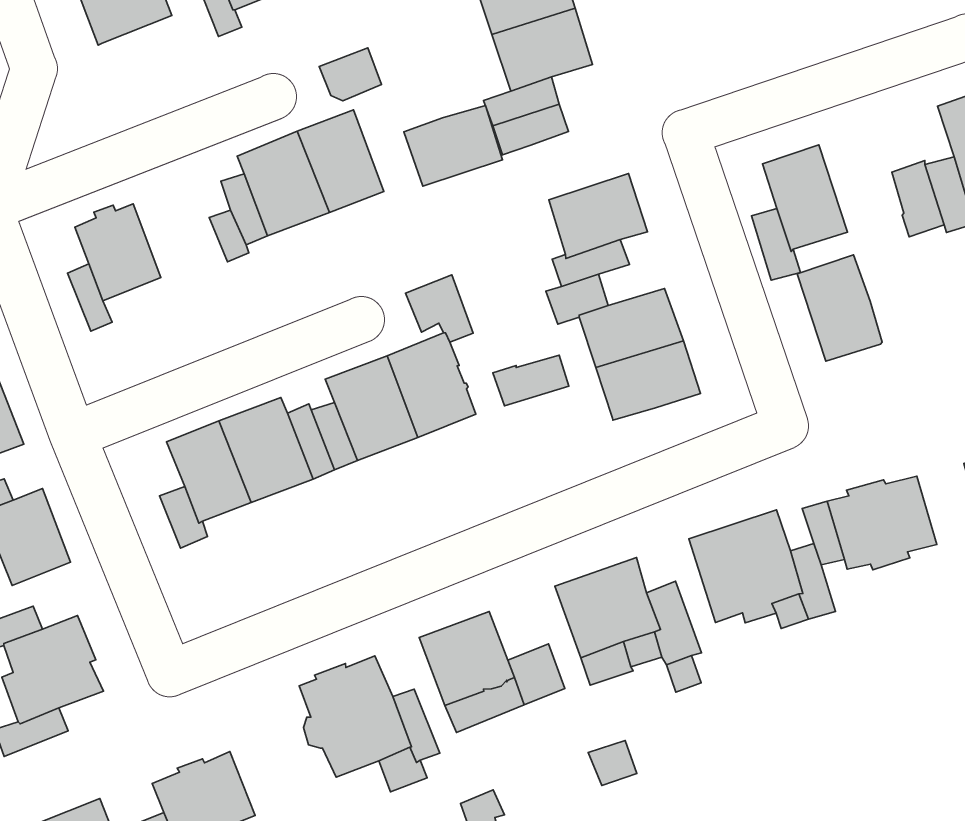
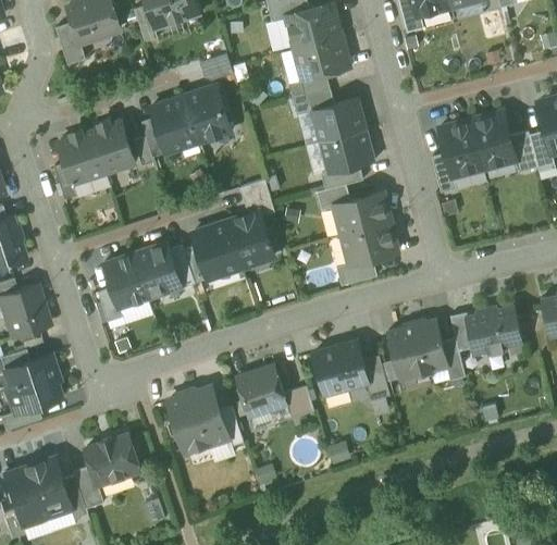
building: none -> [55,22,86,64]
building: [404,105,502,186] -> [312,99,366,141]
building: none -> [92,121,134,172]
building: [797,255,882,361] -> [471,111,516,169]
building: [493,355,569,406] -> [336,259,377,285]

